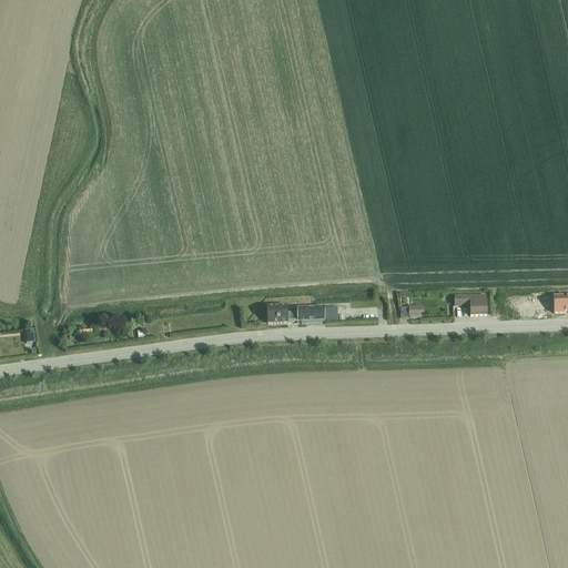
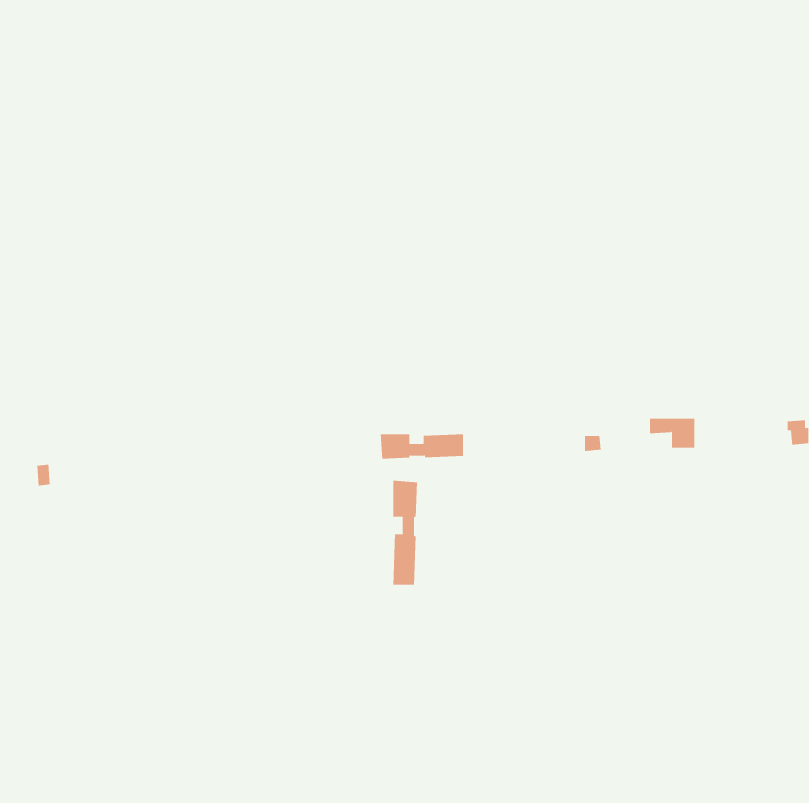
building: none -> [393,480,418,586]

